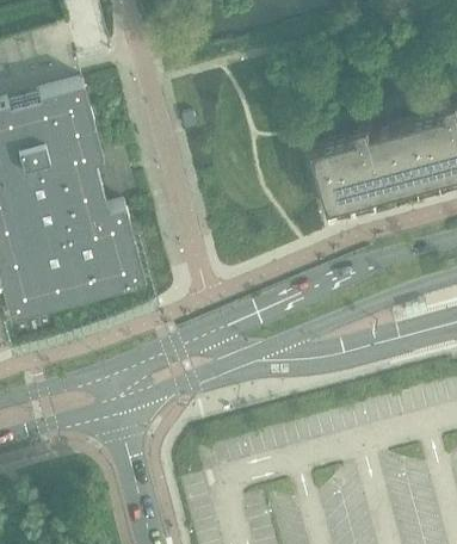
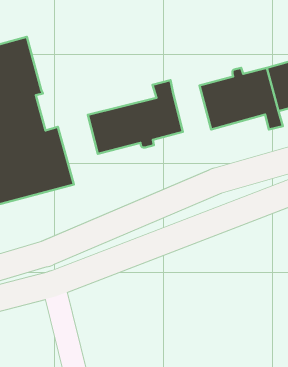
building: none -> [88,80,183,154]

